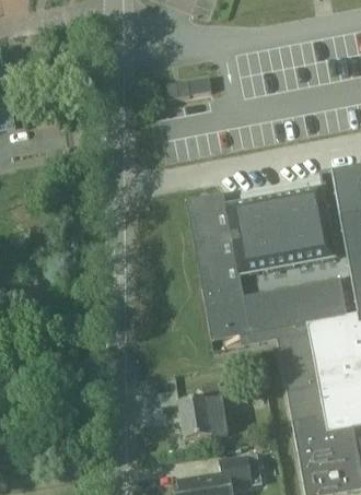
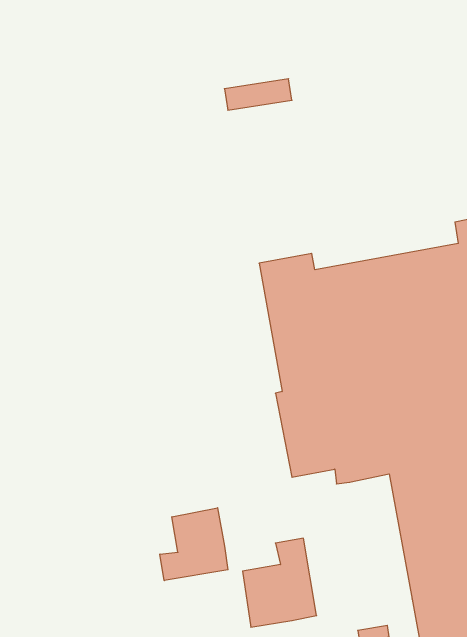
building: none -> [160,508,228,581]

